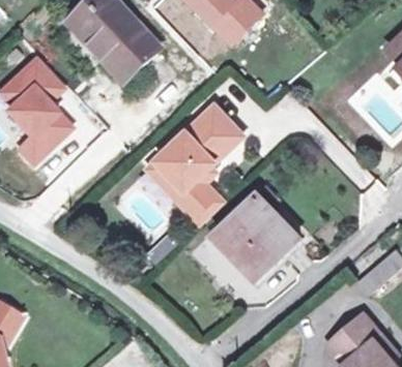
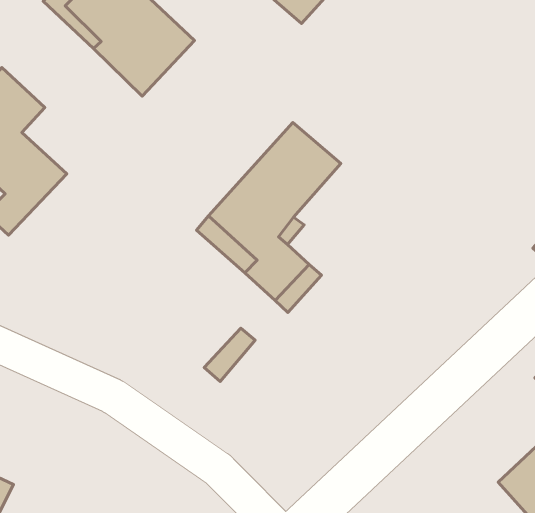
building: [218,183,300,276] -> none

